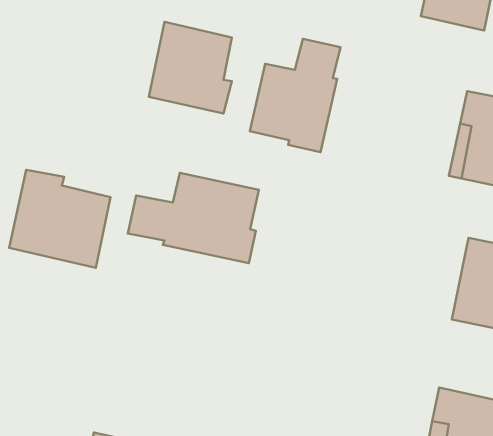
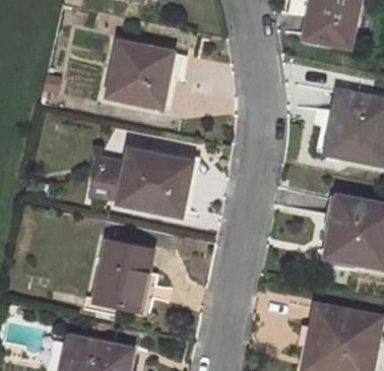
building: [250,39,341,152] -> none
building: [9,170,111,268] -> none
building: none -> [92,241,157,315]

